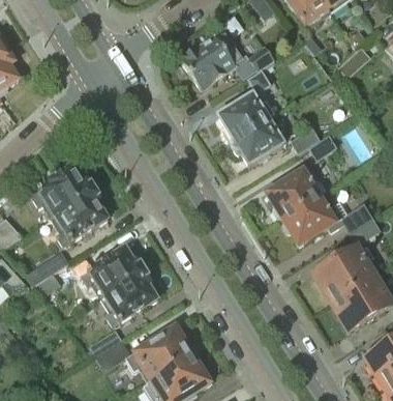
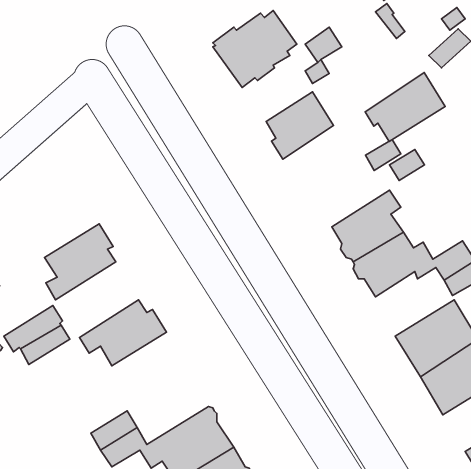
building: [231,113,290,164] -> [365,73,445,141]
building: [31,163,95,214] -> none
building: [104,269,156,324] -> none

